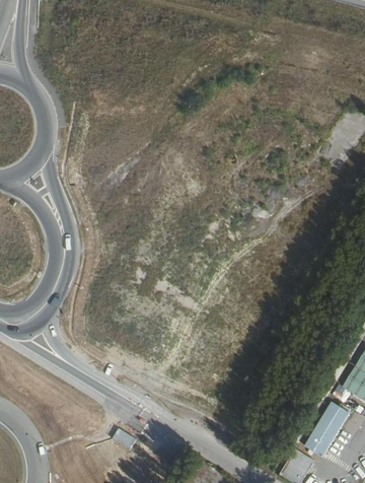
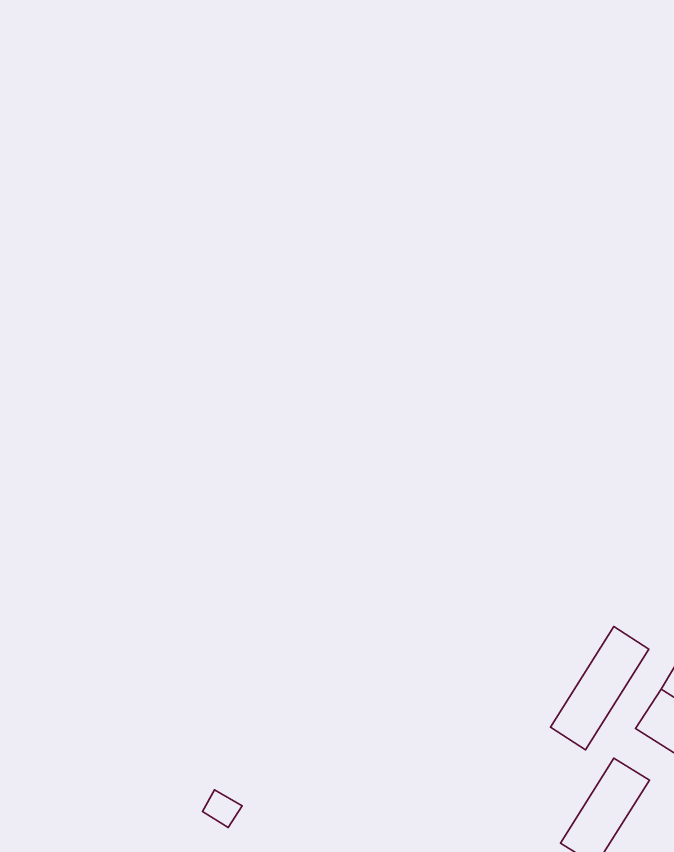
building: none -> [551,626,649,750]

